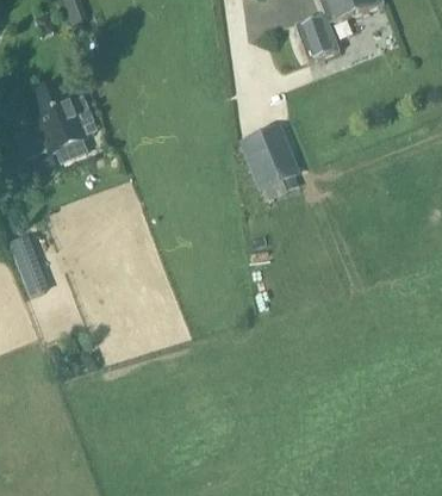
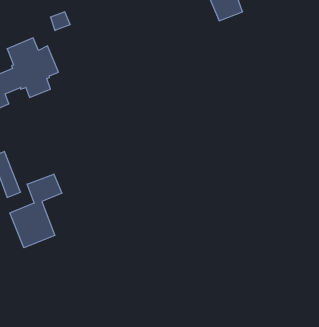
building: [243,125,295,197] -> none
building: none -> [10,174,62,248]

